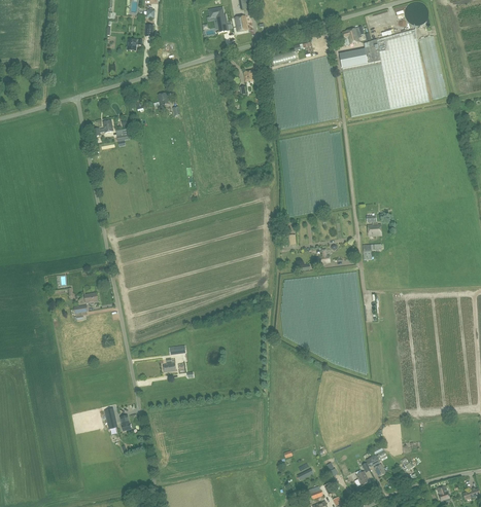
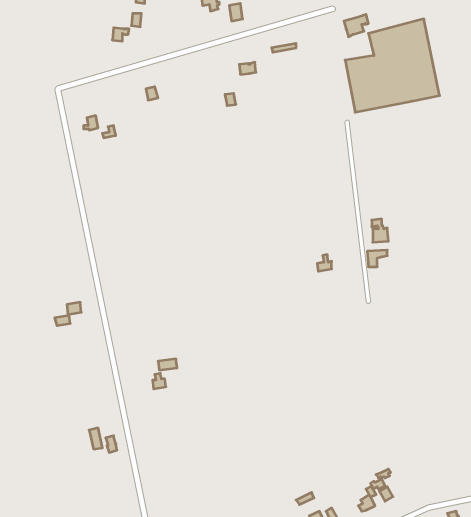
building: [339,48,368,67] -> none

